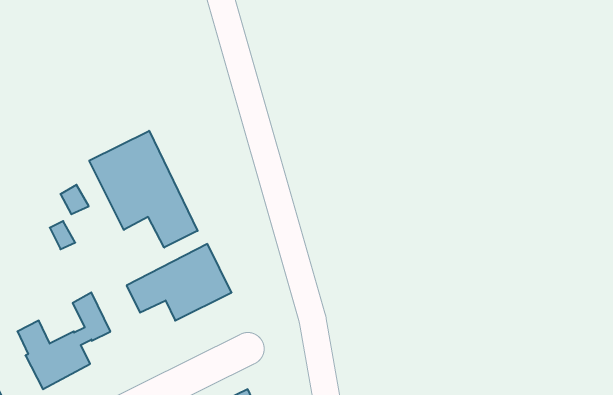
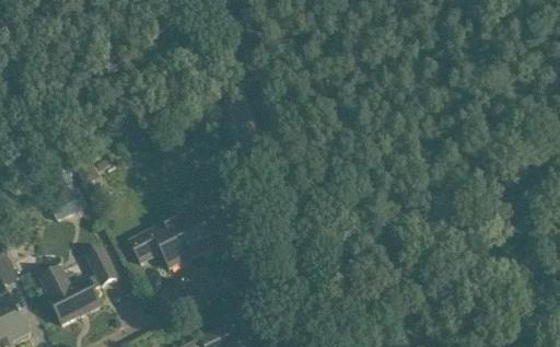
building: [89,131,198,248] -> none

